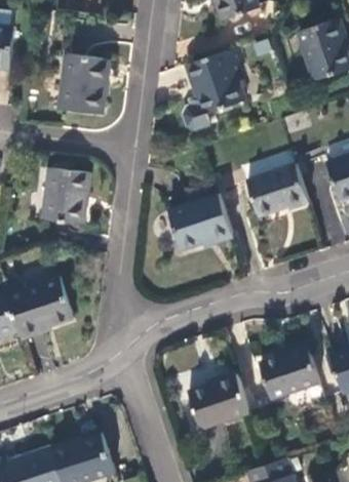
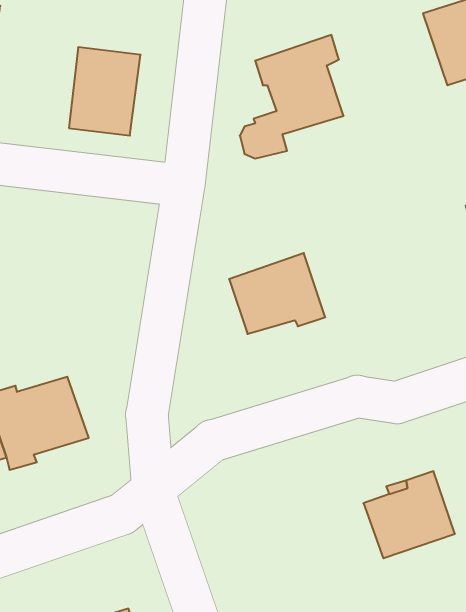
building: [245,164,308,215] -> none
building: [43,168,88,225] -> none
building: [188,372,248,429] -> none

